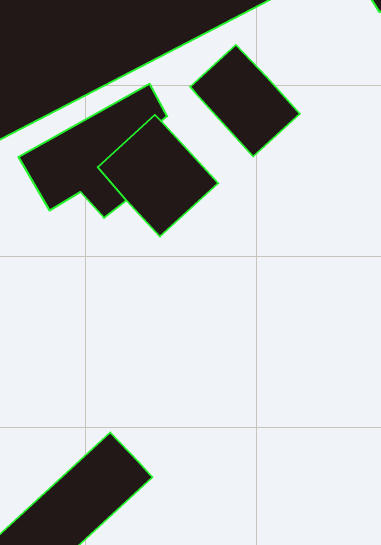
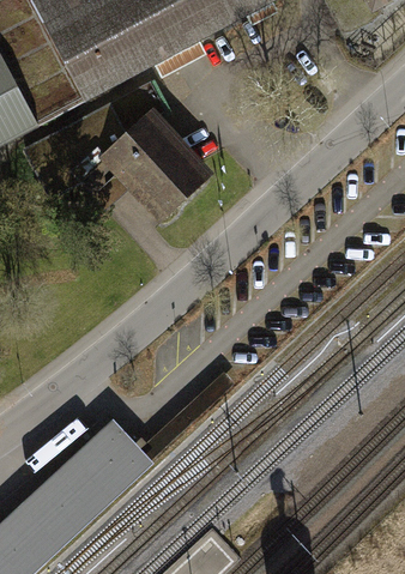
building: [190,45,300,156] -> none

